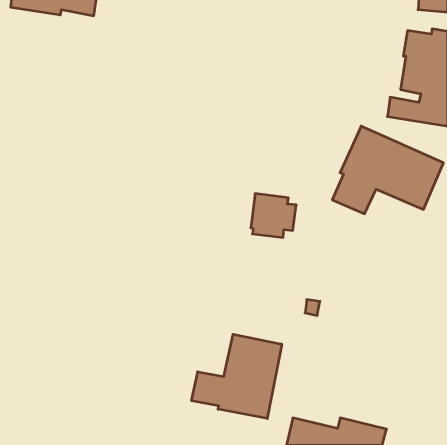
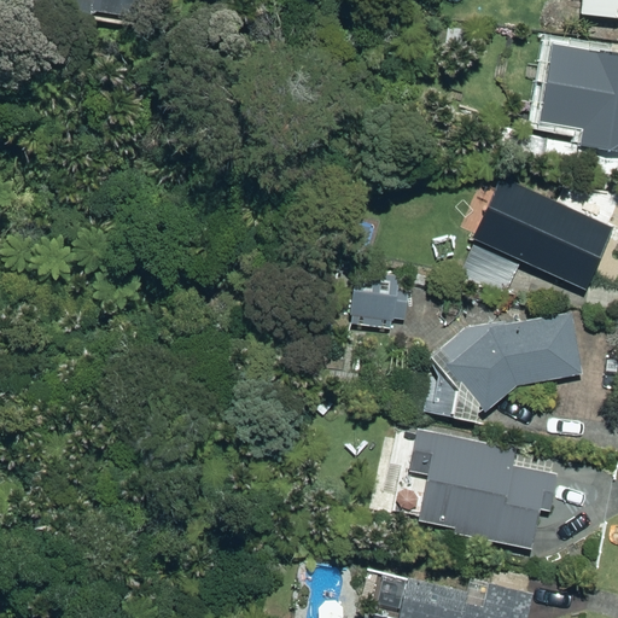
building: none -> [444,310,581,410]
building: none -> [414,439,547,556]
building: [192,334,282,419] -> none

